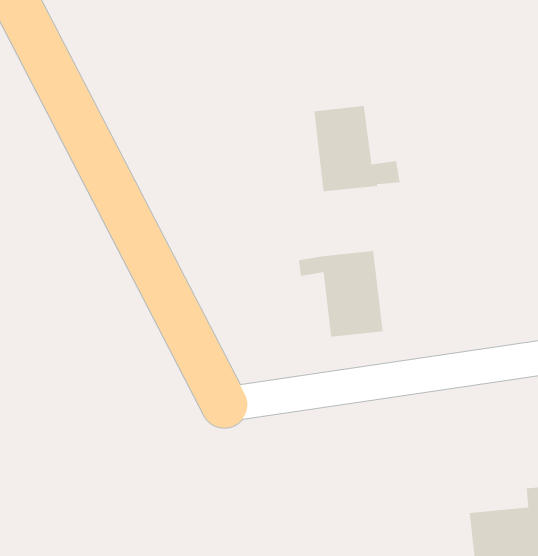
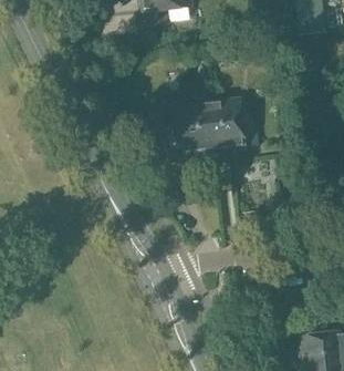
building: [298,250,383,337] -> [165,102,215,153]

